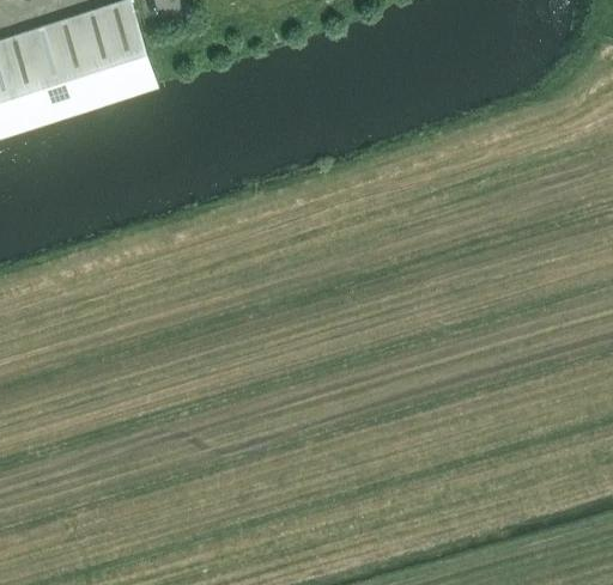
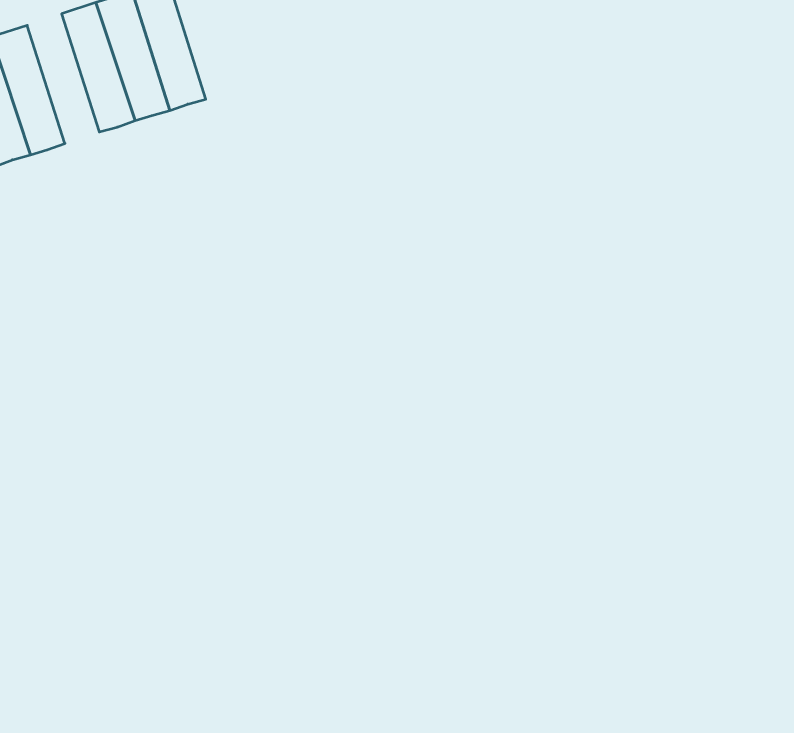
building: [26,25,79,120] -> none

